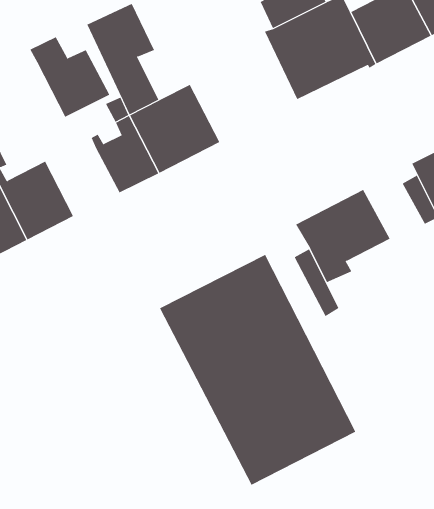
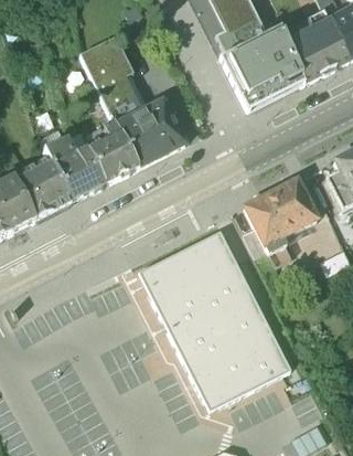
building: [29,37,110,118] -> [43,138,106,201]

